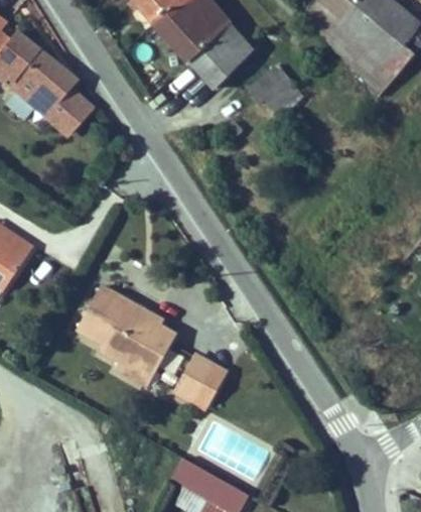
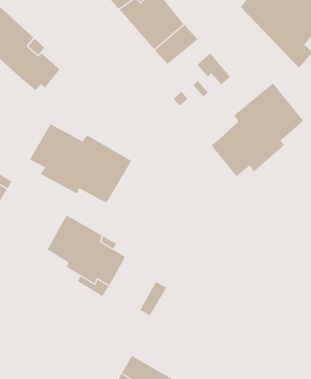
building: none -> [211,83,304,177]
building: none -> [29,123,132,204]
building: [171,355,210,401] -> none

